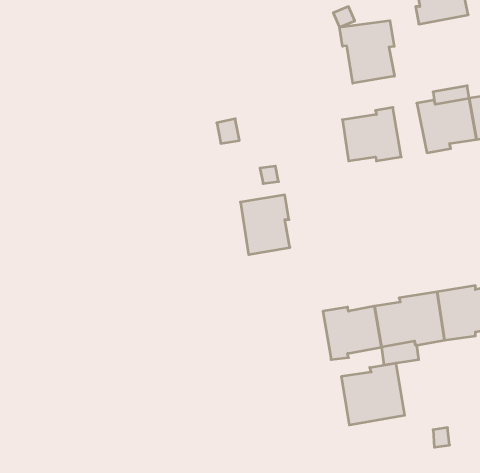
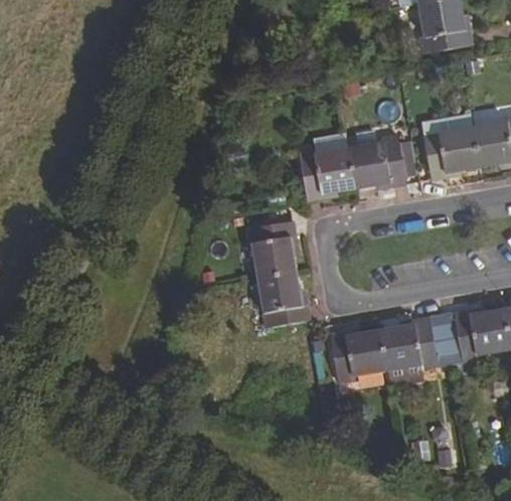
building: [339,21,394,83] -> none
building: none -> [299,146,356,200]
building: none -> [259,271,311,326]
building: [342,363,405,425] -> none

